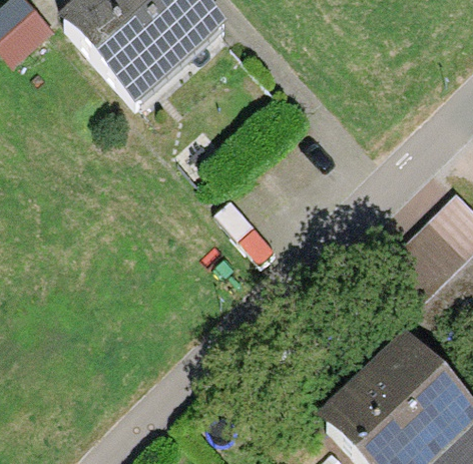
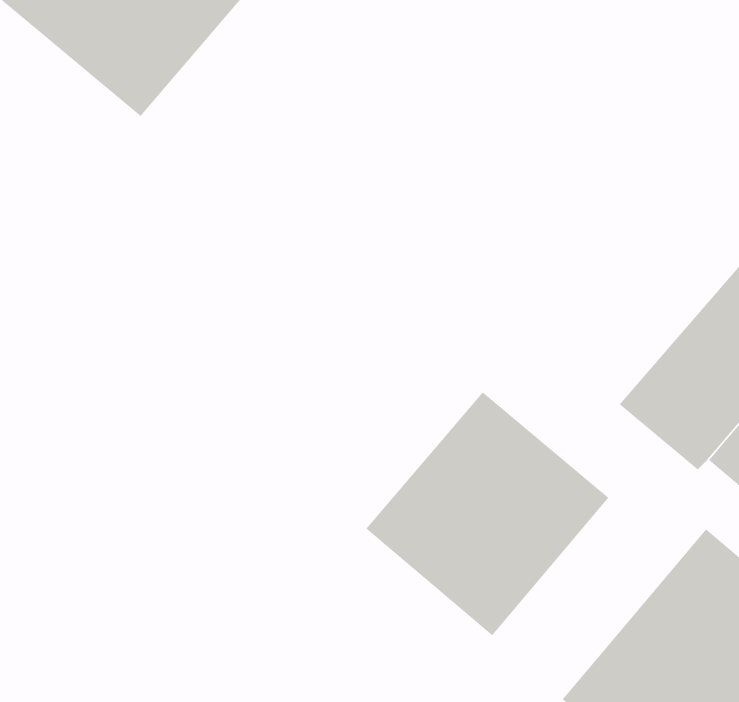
building: none -> [365,391,609,636]

